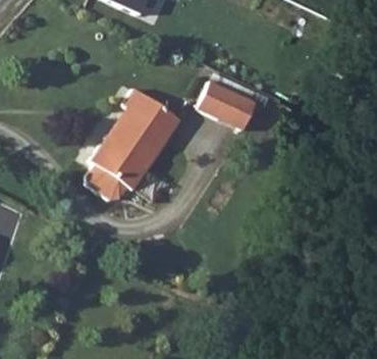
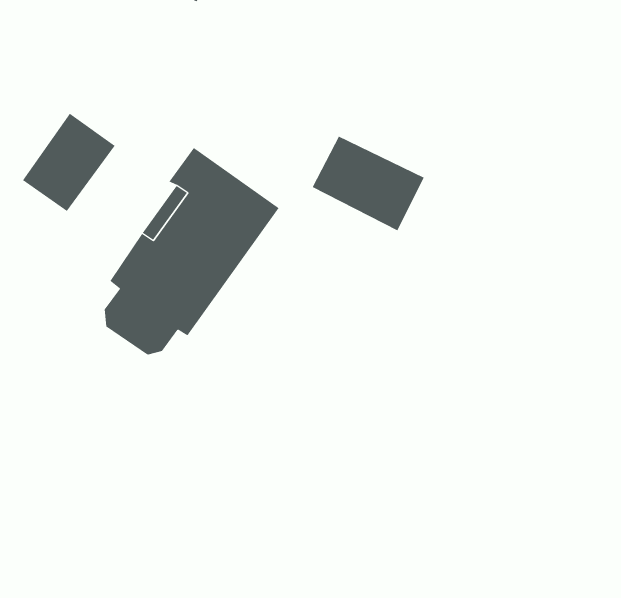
building: none -> [22,113,115,212]

